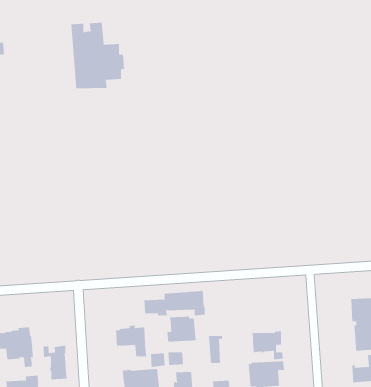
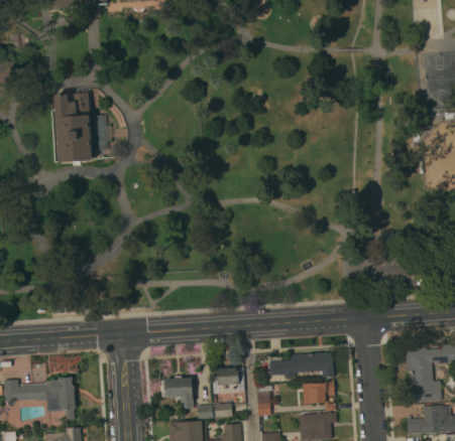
building: [71,22,125,89] -> [54,93,111,162]
building: [143,290,205,316] -> [269,351,334,378]
building: [43,345,67,380] -> none

